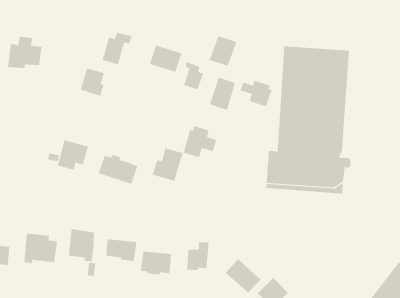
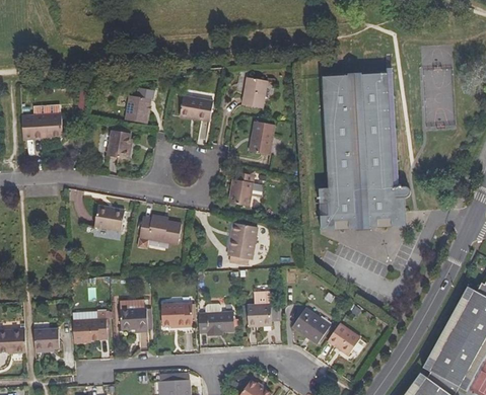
building: [183,61,204,90] -> none
building: [240,80,272,107] -> none
building: [152,148,183,182] -> [225,225,256,259]

